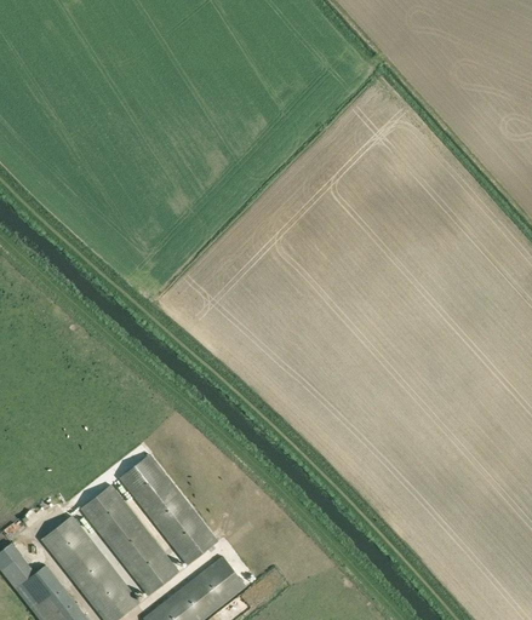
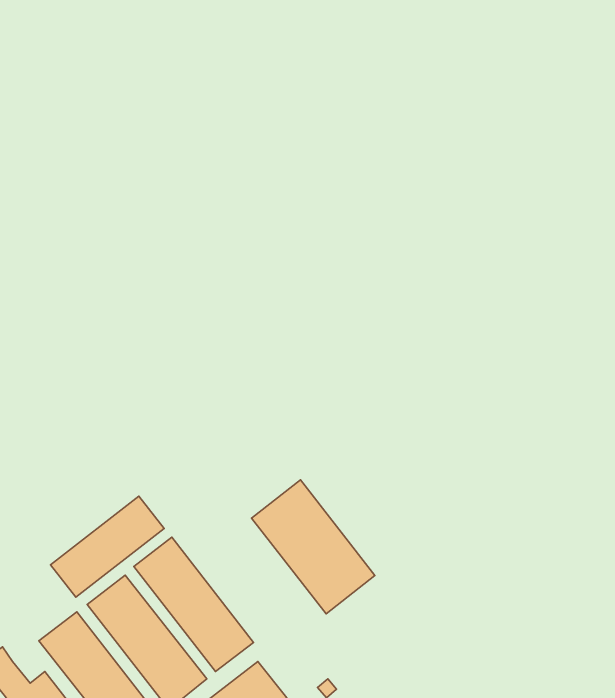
building: none -> [252,480,375,614]
building: none -> [50,496,164,597]

